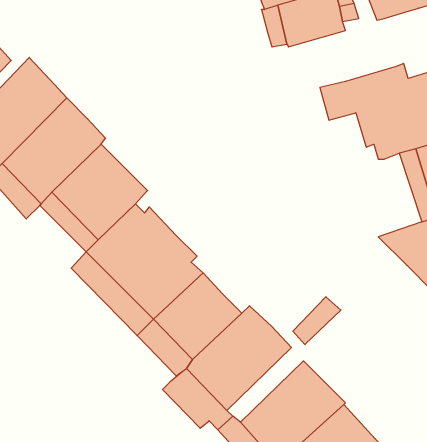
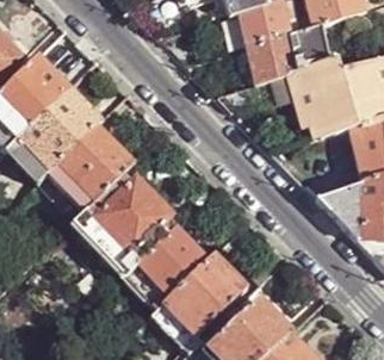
building: none -> [236,21,332,85]

